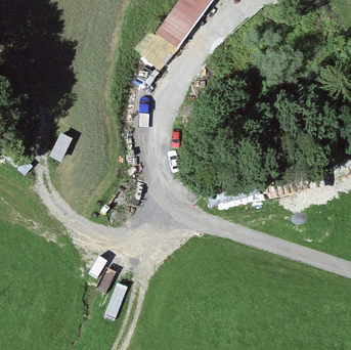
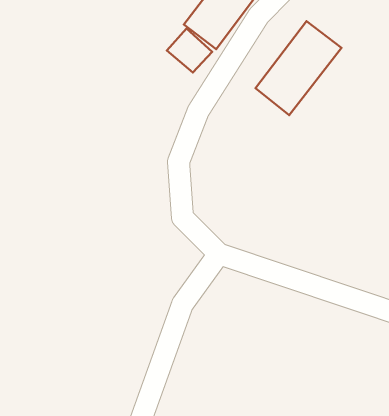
building: none -> [256,21,341,115]

